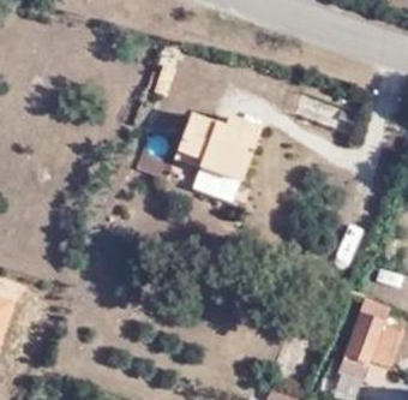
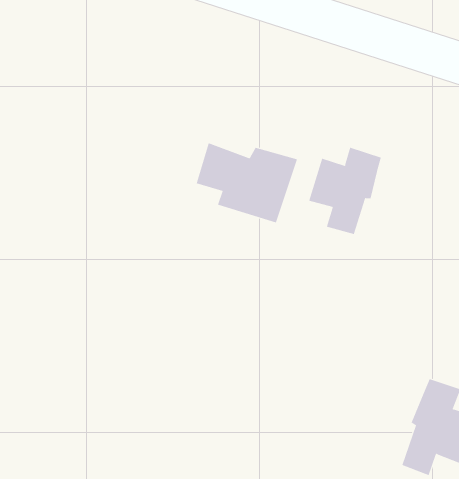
building: none -> [309,147,381,235]

